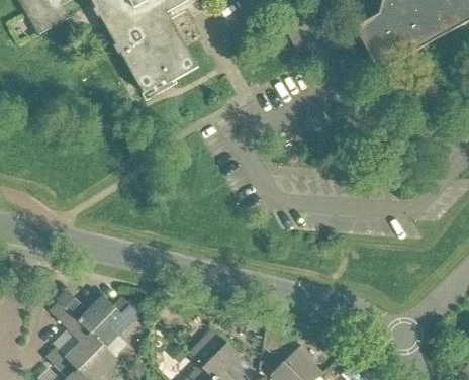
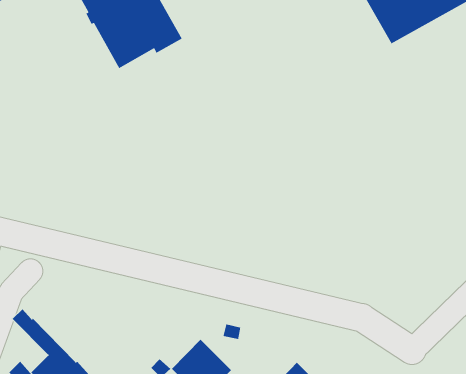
building: [57,288,139,347] -> none

